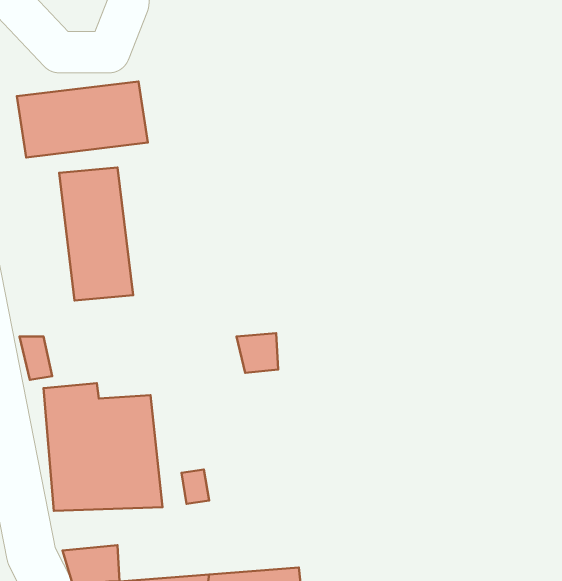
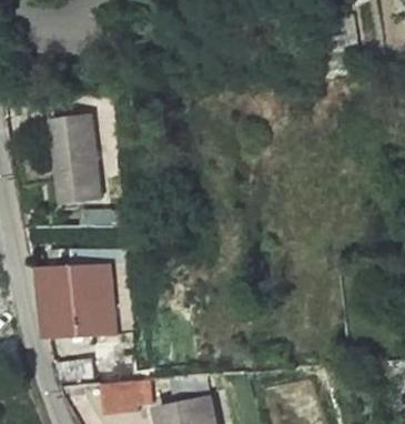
building: [17,81,148,157] -> none

